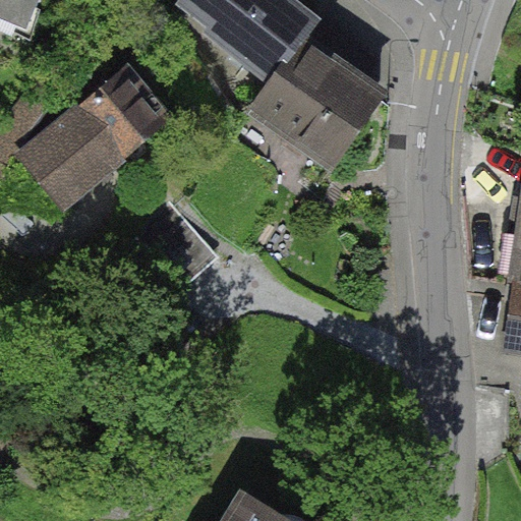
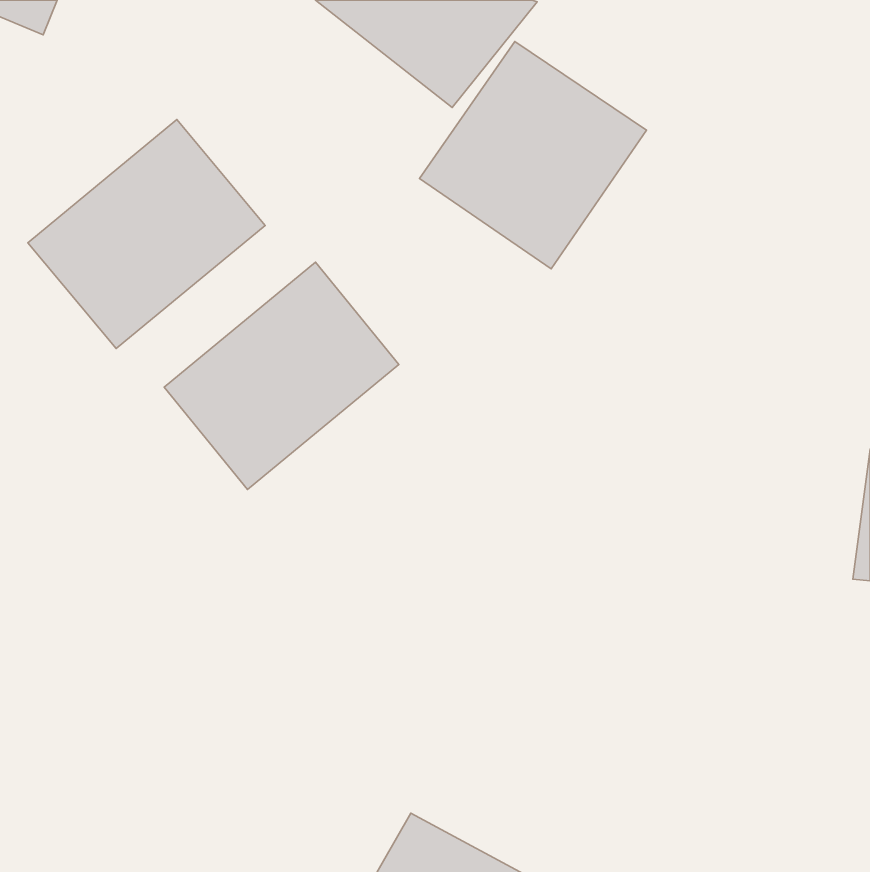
building: none -> [164,262,399,489]

